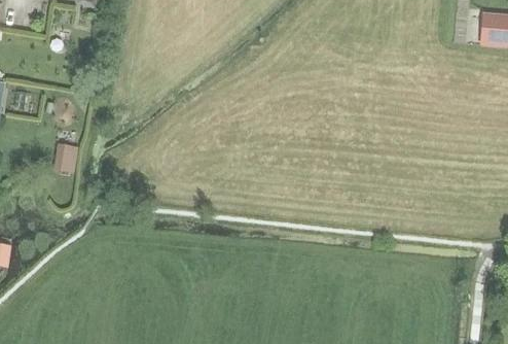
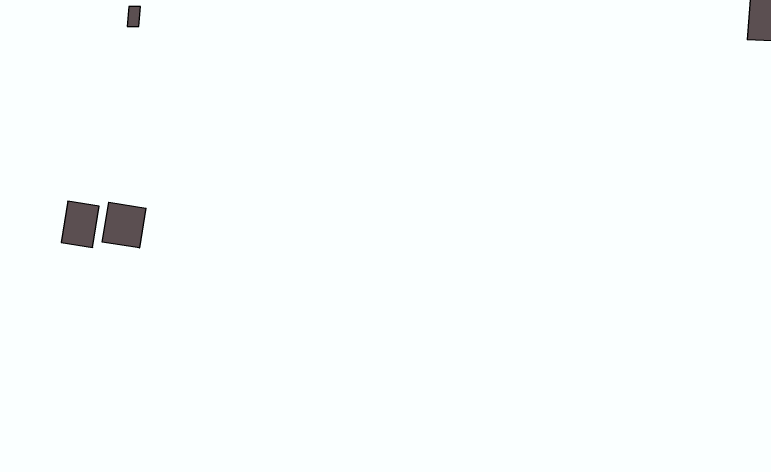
building: none -> [102,202,146,248]

